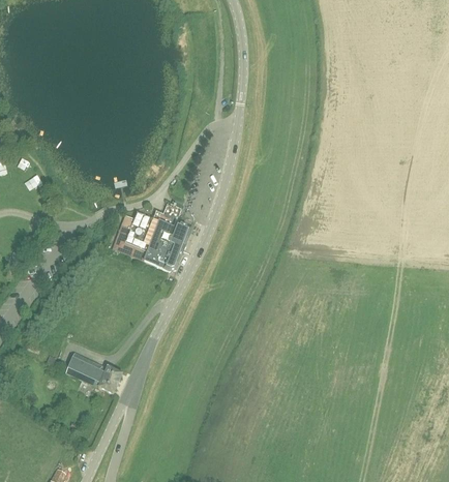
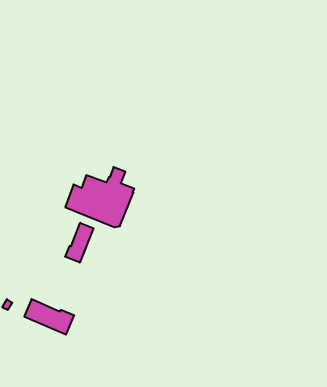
building: none -> [65,223,94,263]

